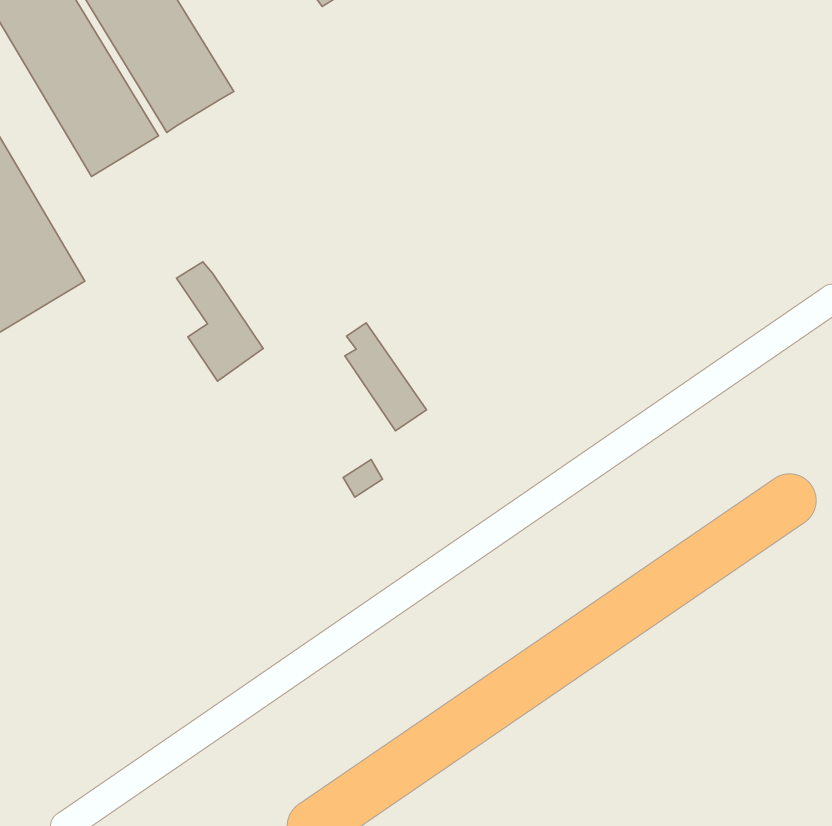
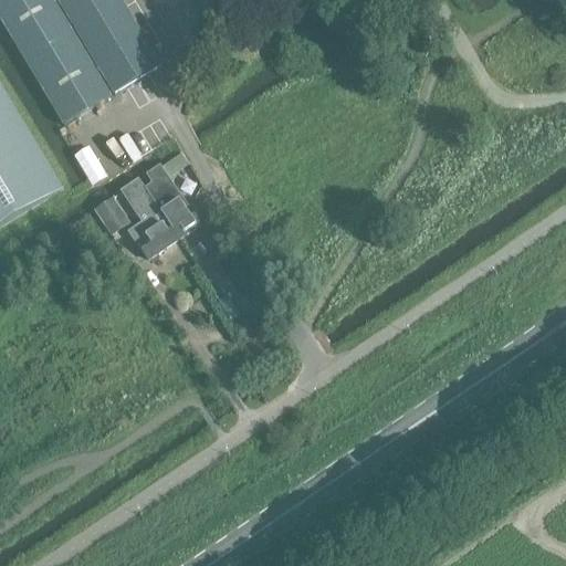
building: none -> [93,193,128,232]
building: [345,323,427,431] -> [144,163,199,235]

